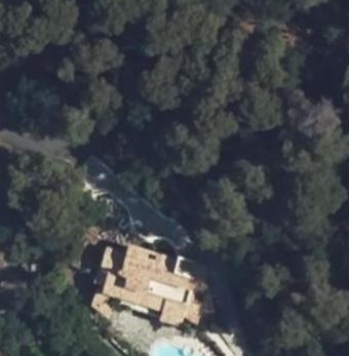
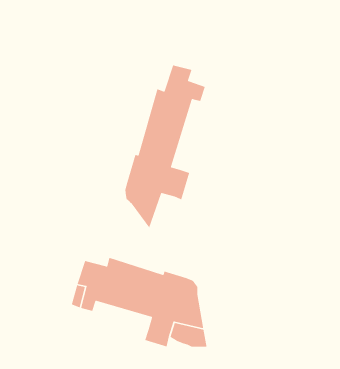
building: none -> [125,64,206,229]

